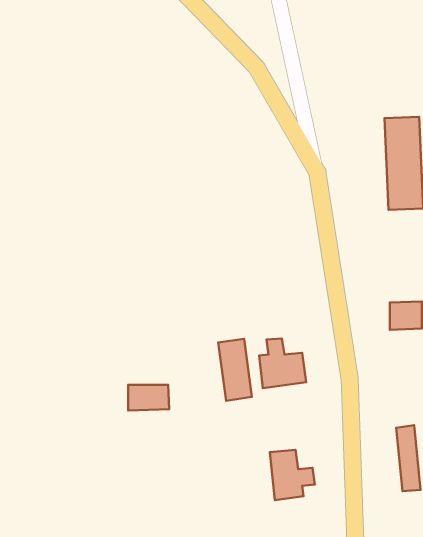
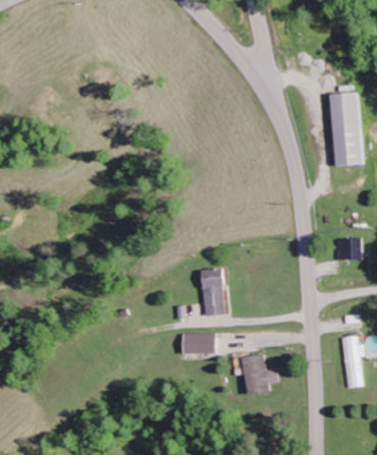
building: [259,338,306,388] -> none
building: [128,385,169,411] -> [184,334,217,354]

